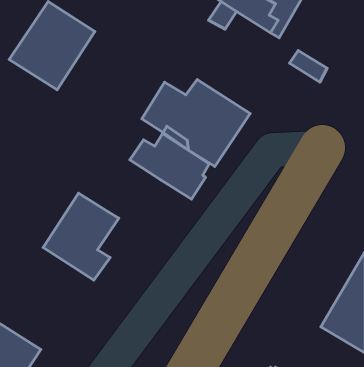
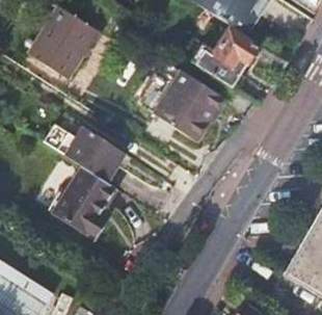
building: none -> [190,29,257,87]
building: [130,133,209,199] -> [57,126,123,180]

